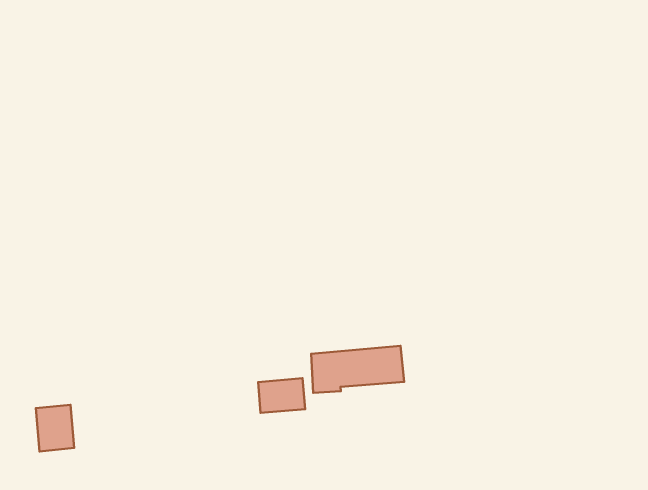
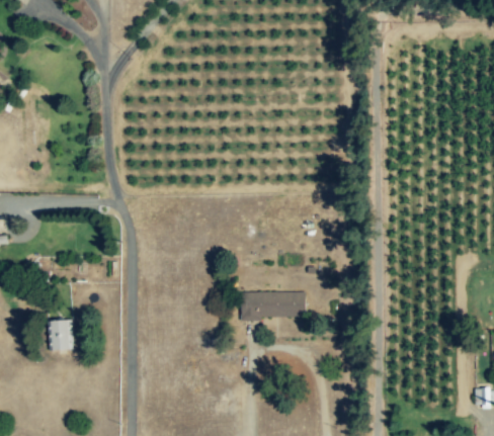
building: [258,378,305,413] -> none

